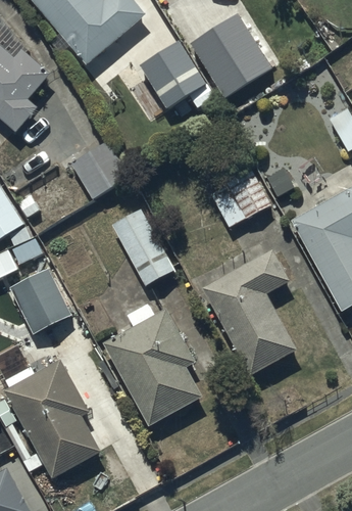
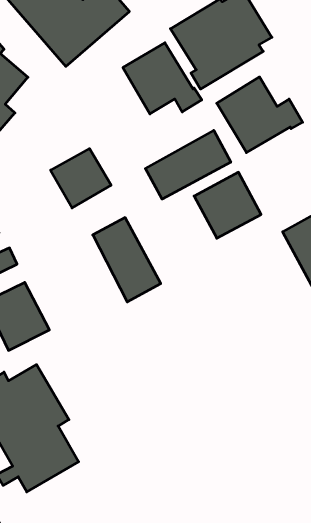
building: none -> [217,77,303,153]
building: none -> [145,130,231,199]
building: [201,249,299,379] -> none
building: [103,305,204,429] -> none

